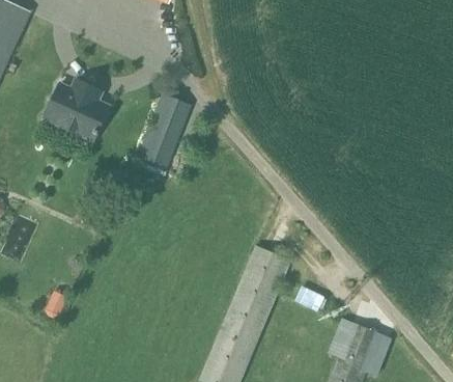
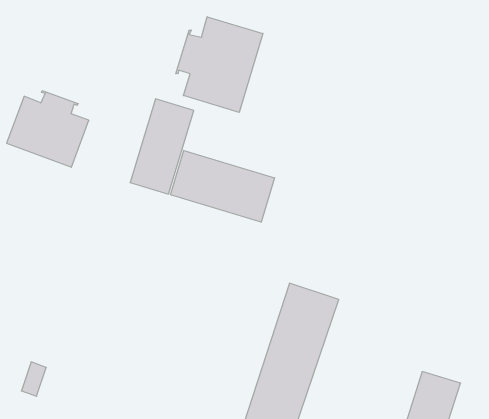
building: none -> [176,17,263,112]
building: none -> [170,150,275,222]

